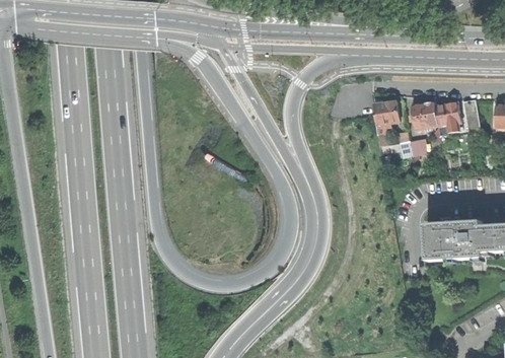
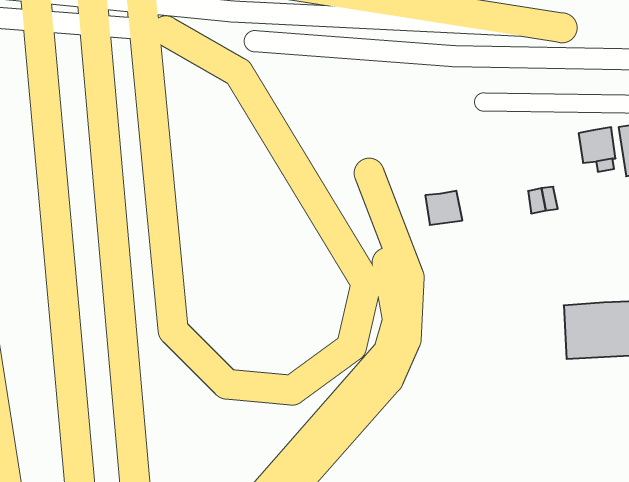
building: [409,101,438,129] -> none
building: [374,104,400,128] -> [425,191,462,225]

